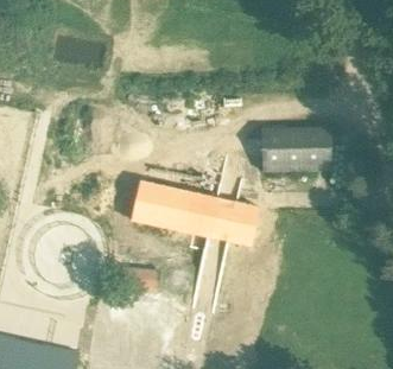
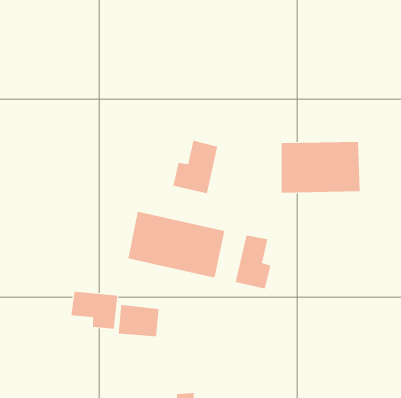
building: none -> [173,140,218,194]
building: none -> [71,291,118,330]

